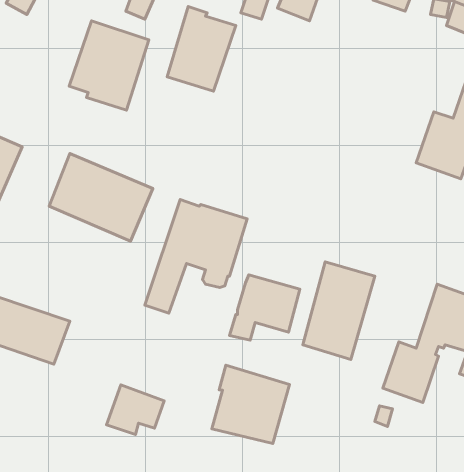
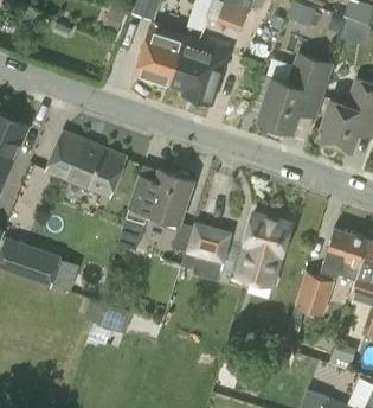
building: [69,21,149,110] -> [168,37,227,103]
building: none -> [258,52,334,130]
building: [212,365,289,443] -> none

